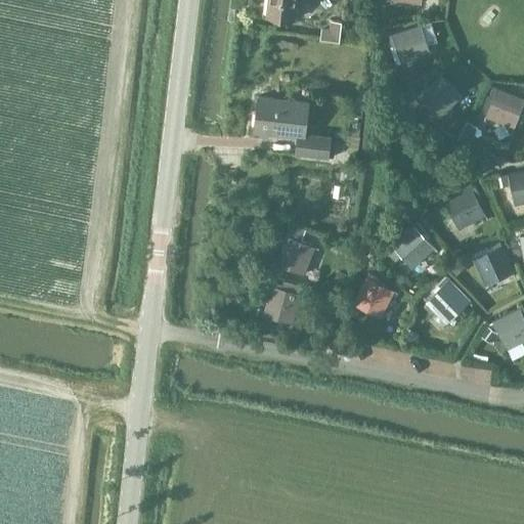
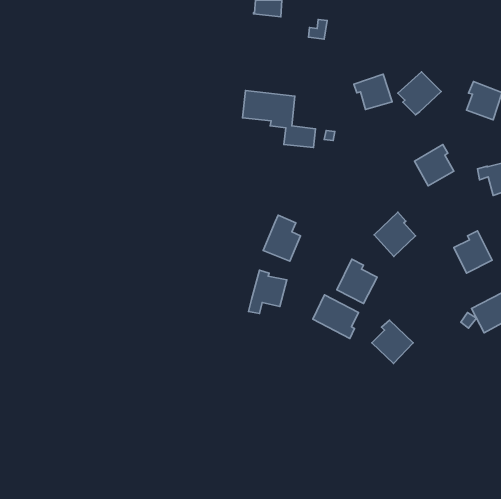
building: [389,29,429,66] -> [354,74,392,110]
building: [445,188,486,231] -> [414,144,454,186]
building: [426,280,469,325] -> [372,320,413,364]
building: none -> [313,295,358,339]

